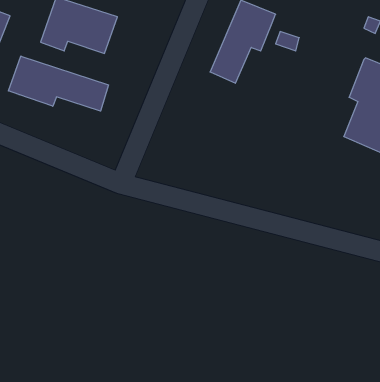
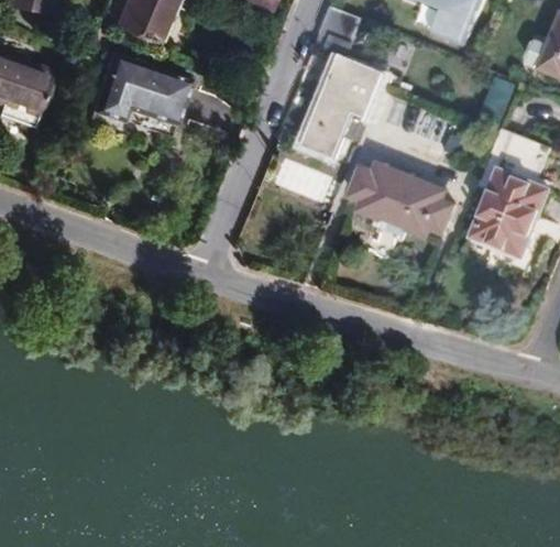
building: [8,56,109,111] -> none
building: none -> [352,164,452,240]

